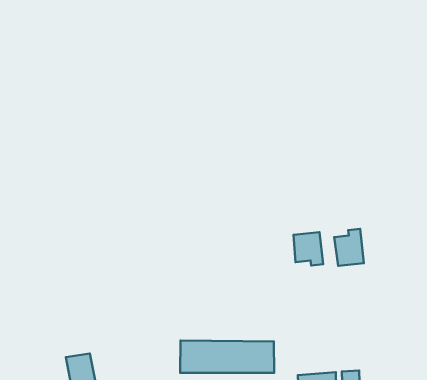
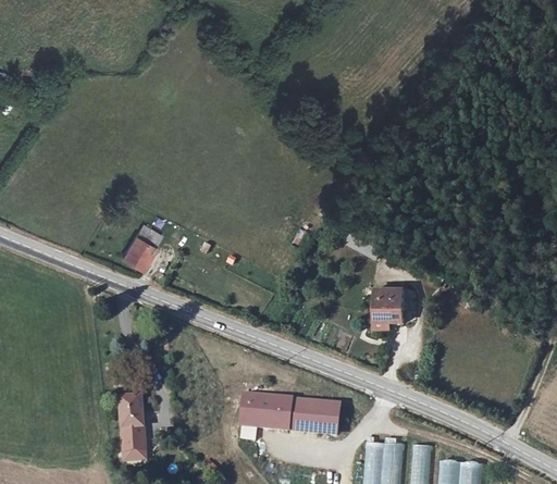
building: none -> [119,233,153,265]
building: [334,229,364,266] -> none

